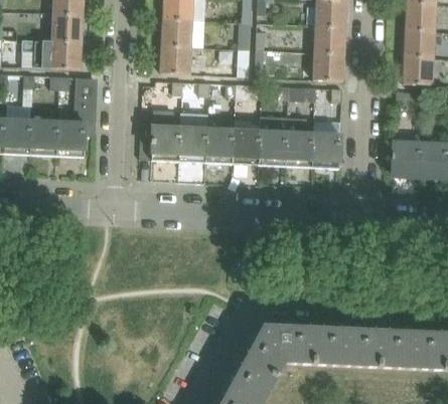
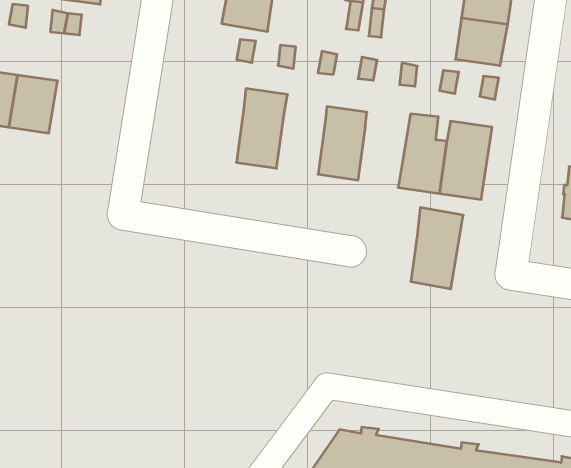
building: [56,77,96,156] -> none
building: [151,111,180,160] -> none
building: [259,115,288,165] -> [411,208,463,289]
building: [205,127,234,162] -> none

